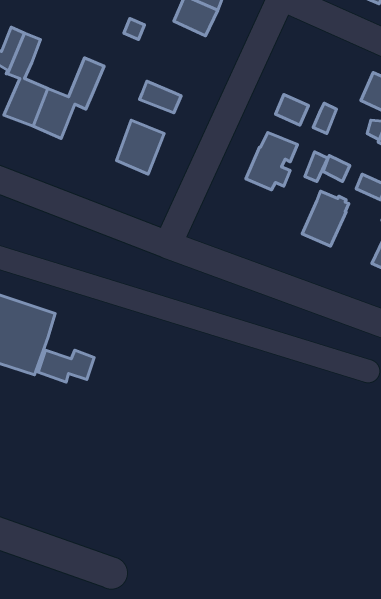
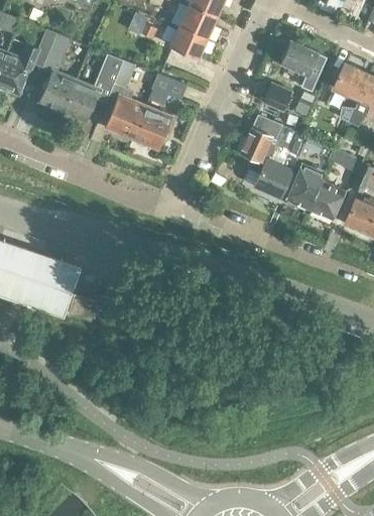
building: none -> [169,24,206,58]
building: none -> [278,41,327,92]
building: none -> [105,61,144,139]
building: none -> [254,160,291,198]
building: none -> [308,181,343,220]

